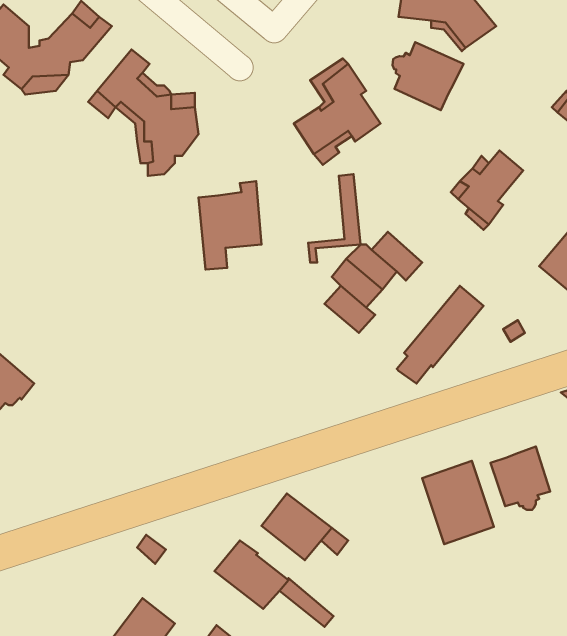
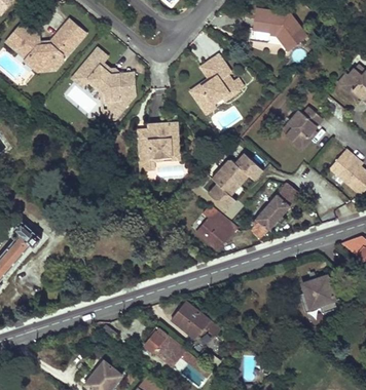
building: [393,42,463,110] -> none
building: [308,174,361,263] -> [150,122,180,172]
building: none -> [196,208,235,249]
building: [422,461,494,544] -> none

